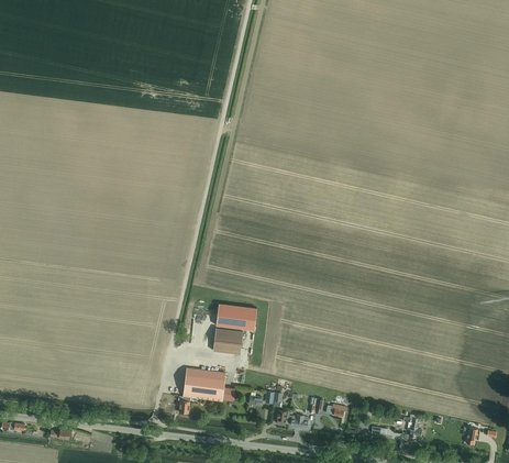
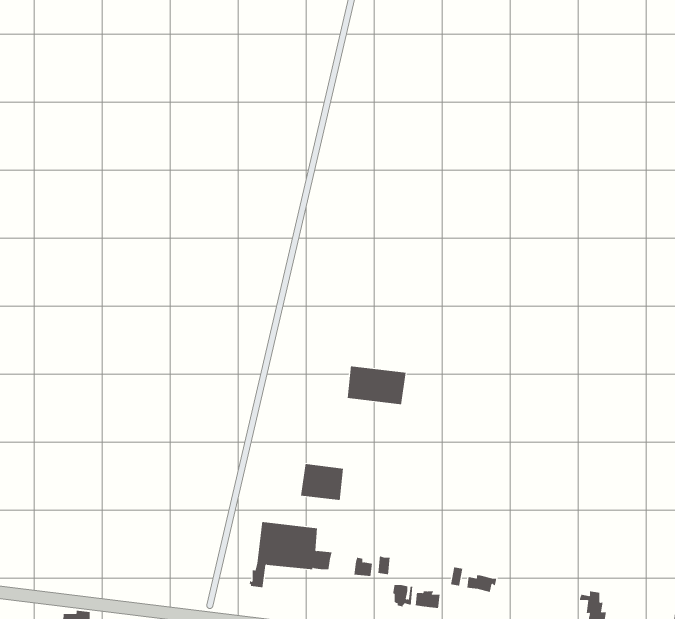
building: [217,304,257,330] -> [347,366,407,405]

